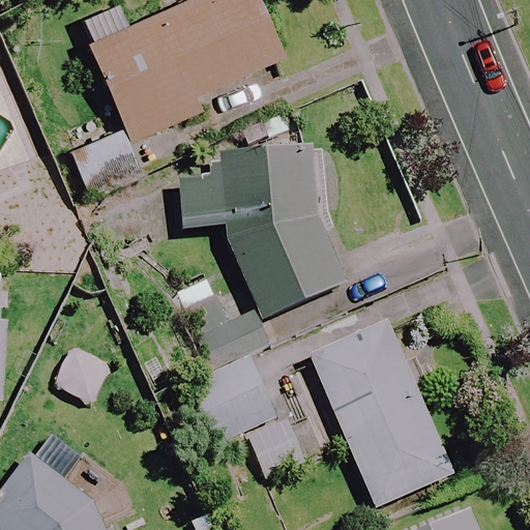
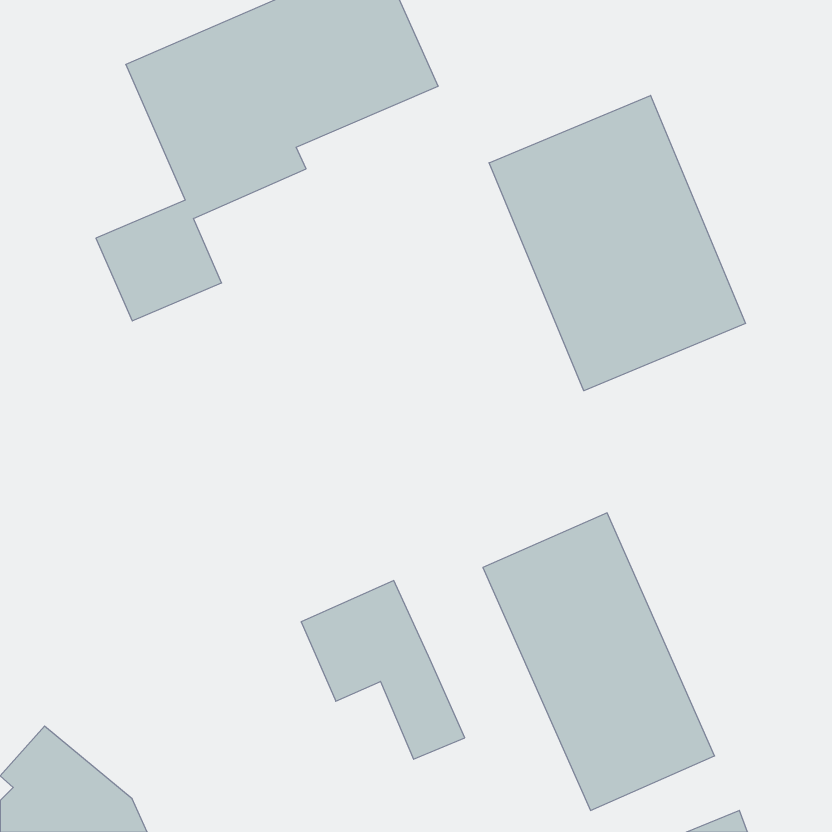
building: none -> [489,95,745,391]
building: [172,143,351,365] -> none

